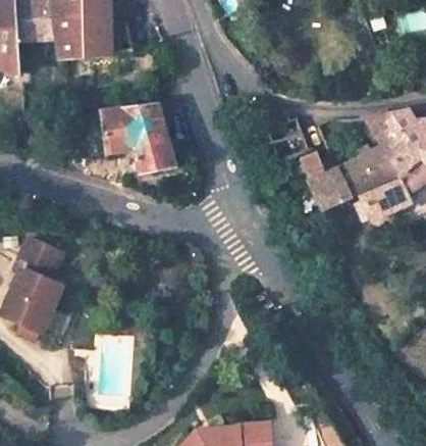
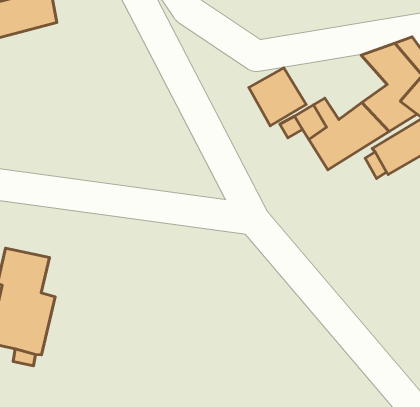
building: [100,103,173,171] -> none

